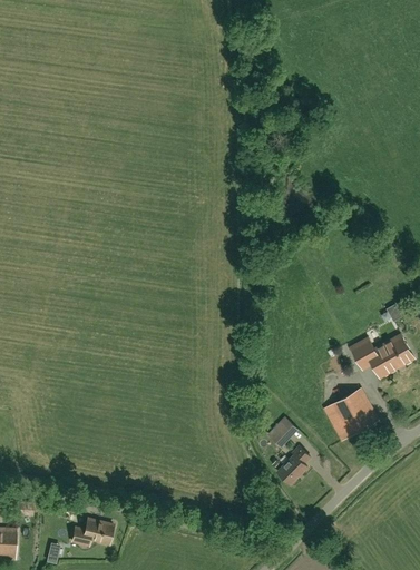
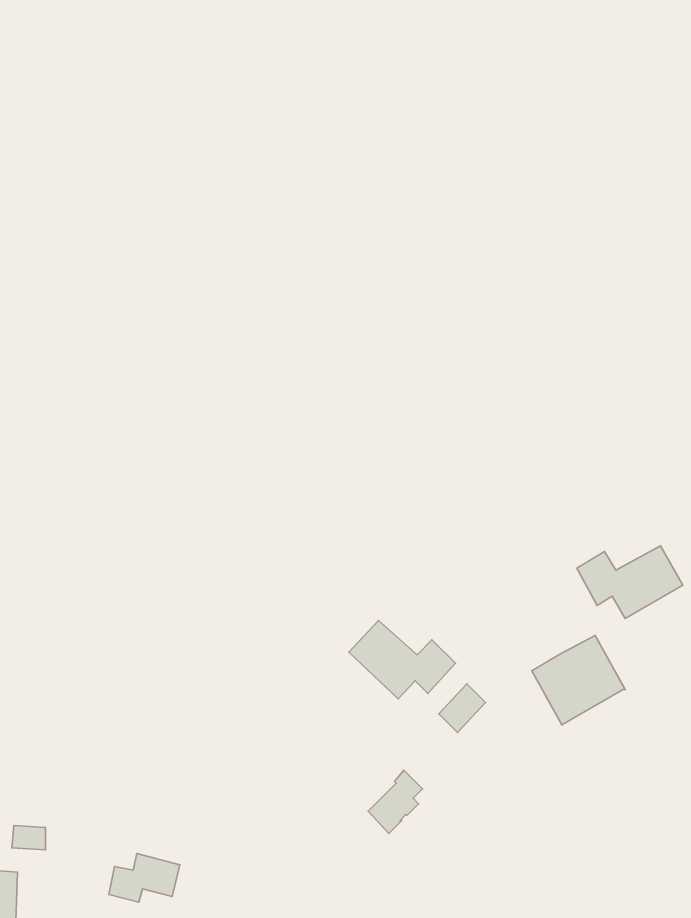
building: none -> [349,620,455,699]
building: [277,446,310,484] -> [368,770,422,834]

